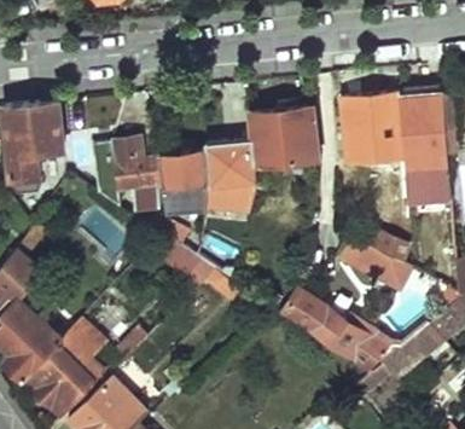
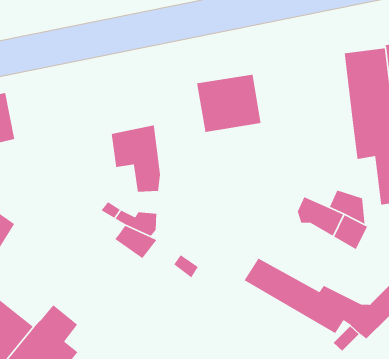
building: [341,92,402,163] -> none
building: [204,111,256,214] -> none
building: [94,134,161,213] -> none

